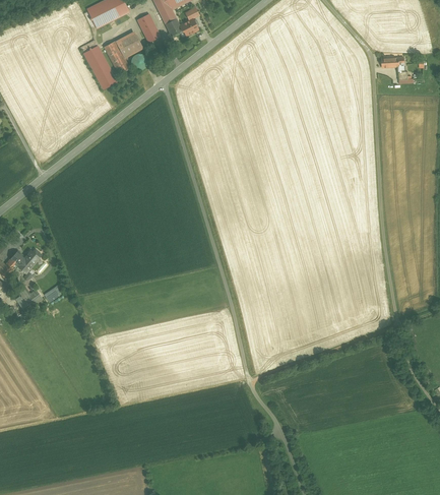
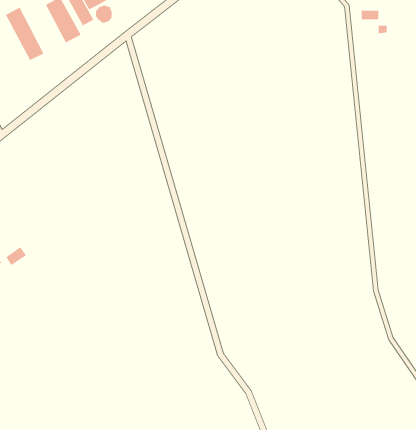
building: none -> [5,7,44,61]

